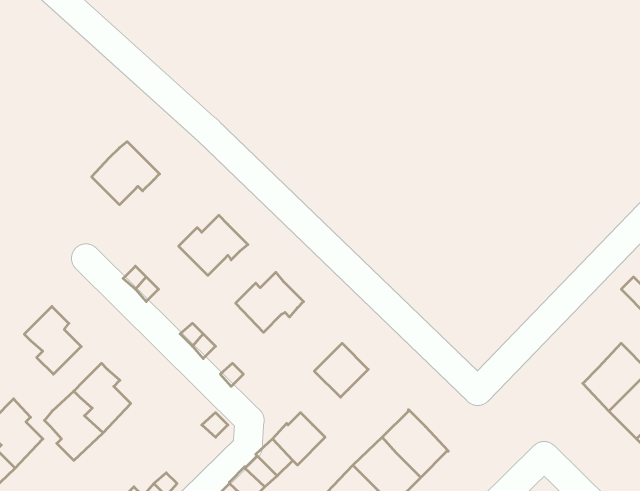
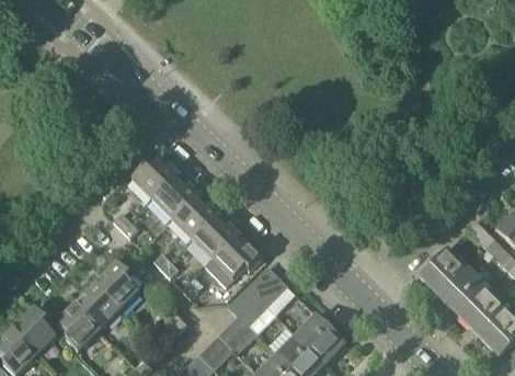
building: [92,142,160,205] -> [131,153,180,198]
building: none -> [172,197,220,239]
building: none -> [205,238,261,286]
building: [24,306,81,374] -> [96,262,137,310]
building: none -> [419,249,466,296]
building: none -> [228,287,266,326]

